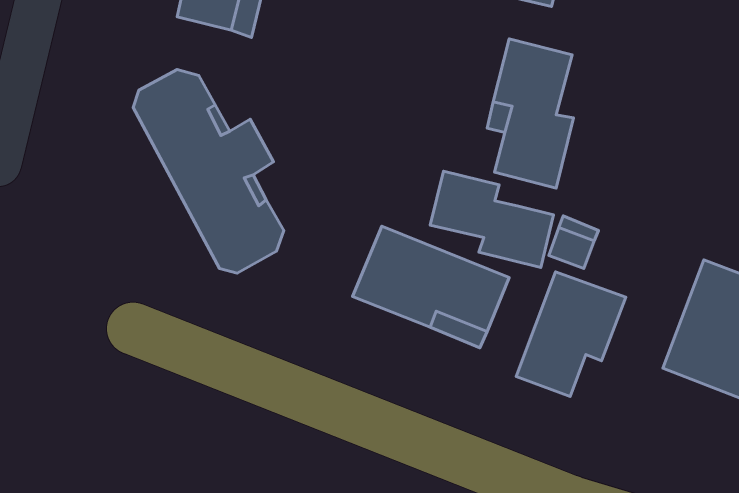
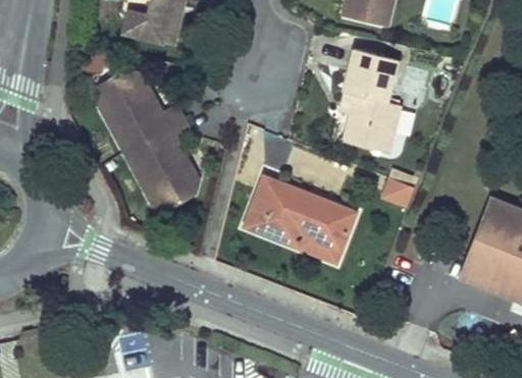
building: [430,171,553,268] -> none
building: [516,272,626,396] -> none

